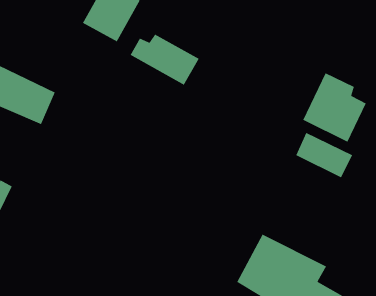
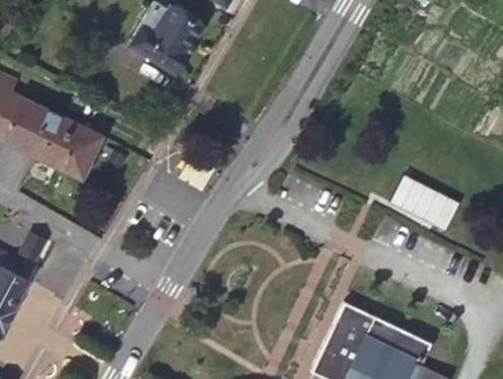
building: [129,33,200,86] -> none
building: [302,72,367,143] -> none

